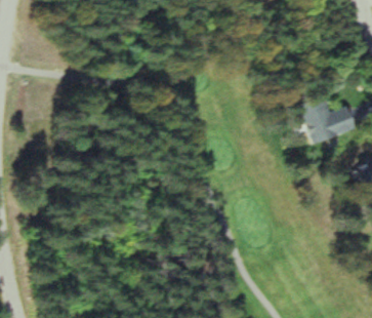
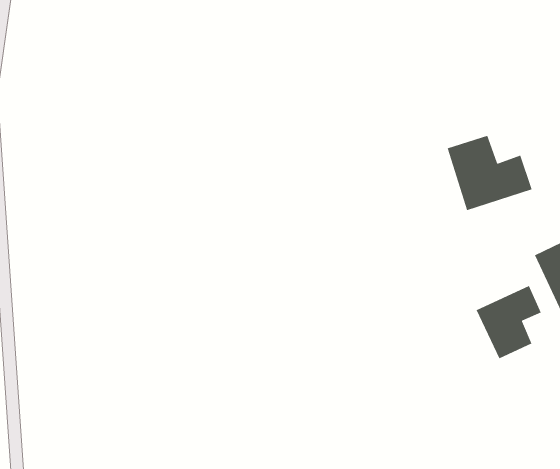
building: none -> [476,285,542,359]

